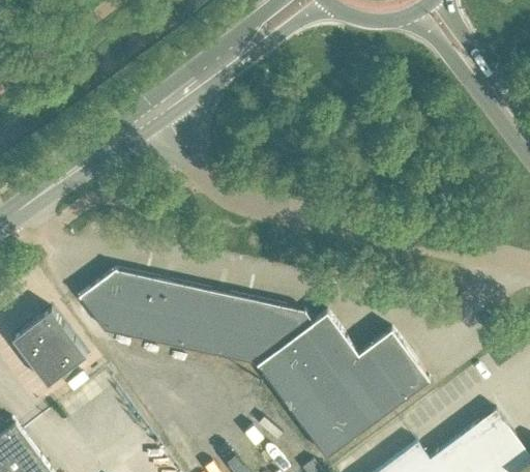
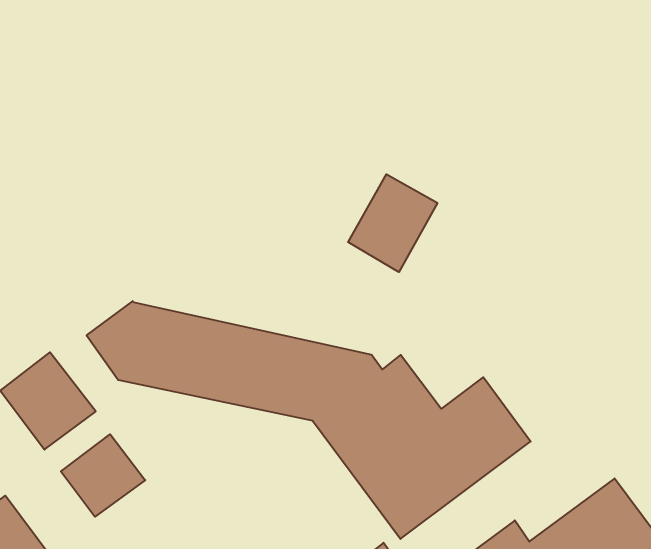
building: none -> [348,174,437,272]
building: none -> [61,434,145,517]

